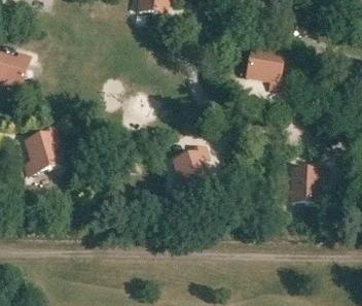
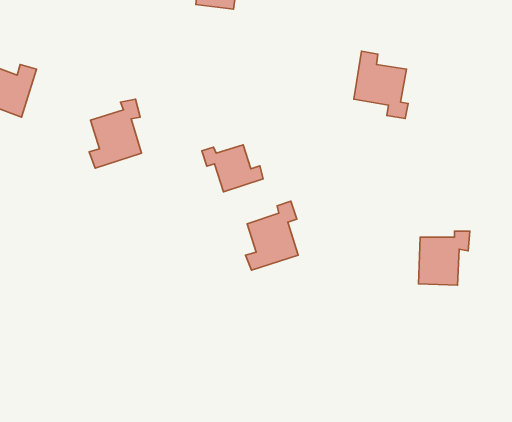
building: none -> [202,145,263,192]
building: [26,125,62,172] -> [89,99,142,168]

